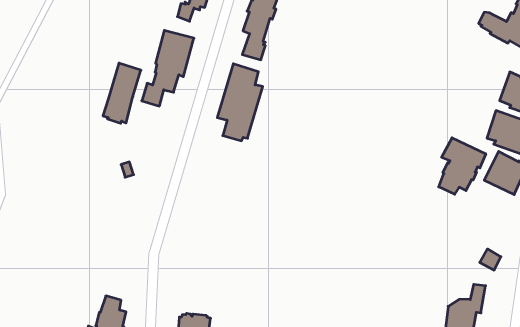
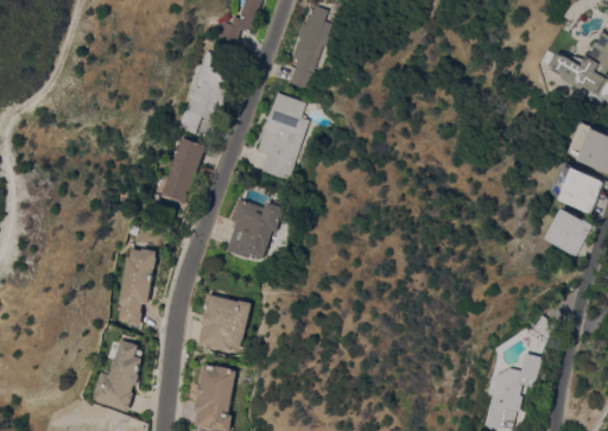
building: [103,63,141,123] -> [160,137,205,203]
building: [439,138,486,194] -> none
building: none -> [226,198,283,258]
building: none -> [118,248,158,327]
building: none -> [198,293,251,350]

